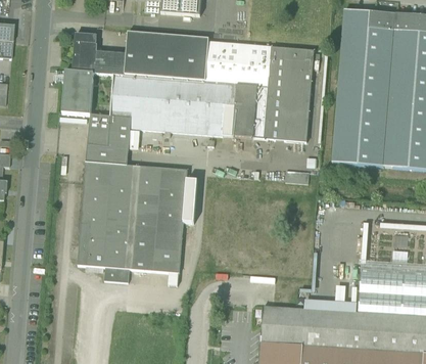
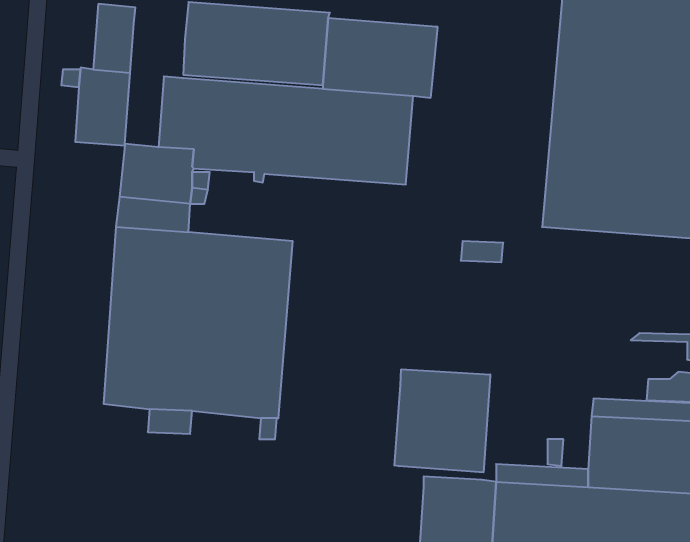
building: [94,44,126,76] -> none
building: [253,46,315,141] -> none
building: none -> [395,369,490,472]

